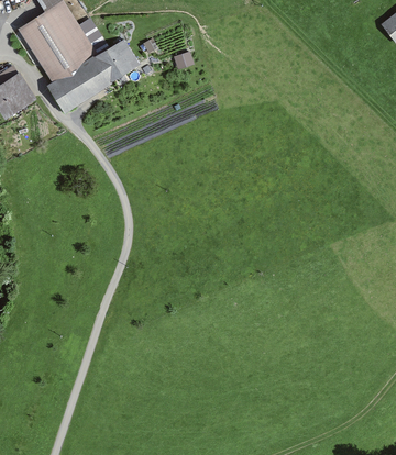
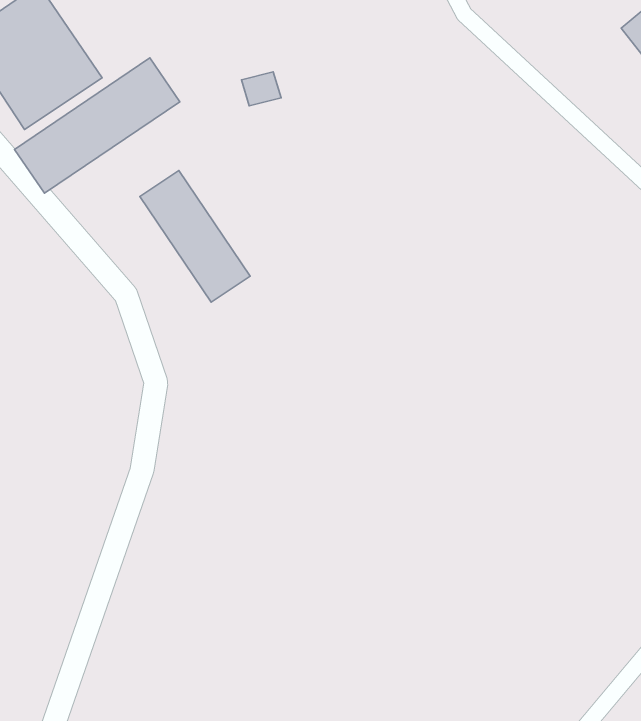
building: none -> [140,170,250,302]

